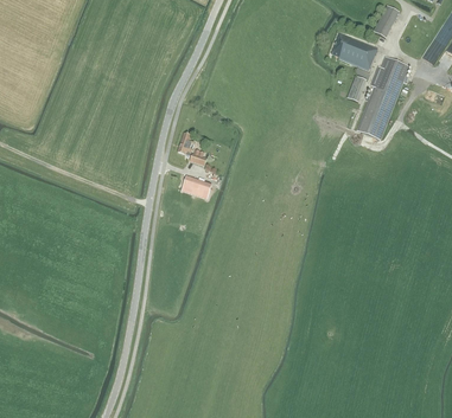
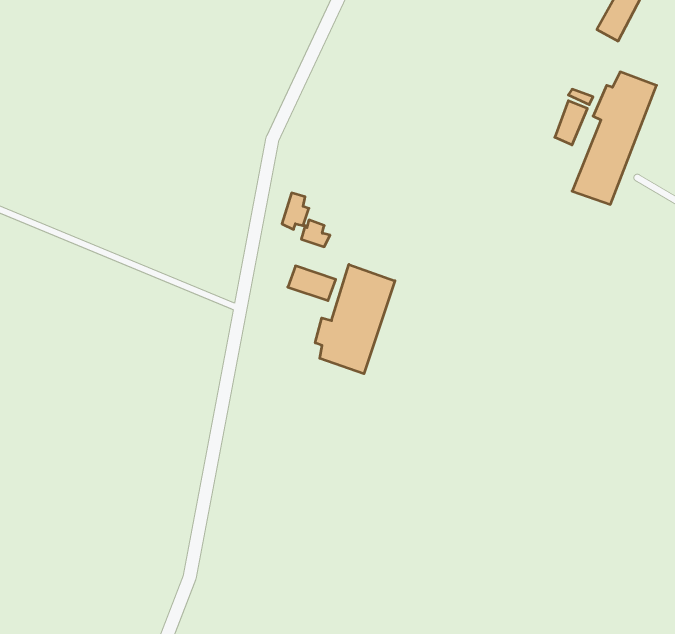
building: [330,33,377,71] -> none
building: none -> [315,264,395,374]

